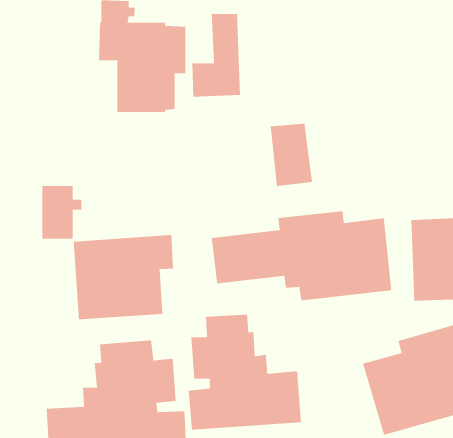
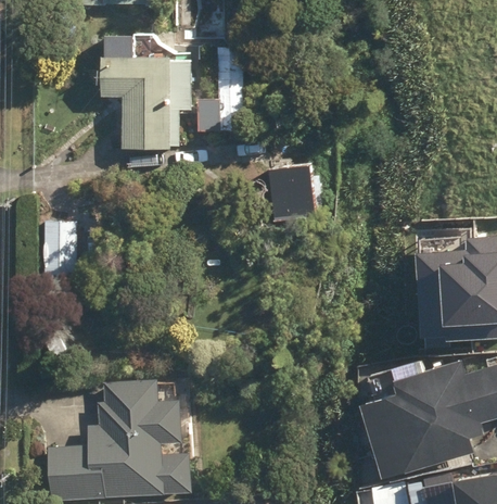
building: [211,210,392,301] -> none
building: [73,234,173,320] -> none
building: [188,314,302,431] -> none

